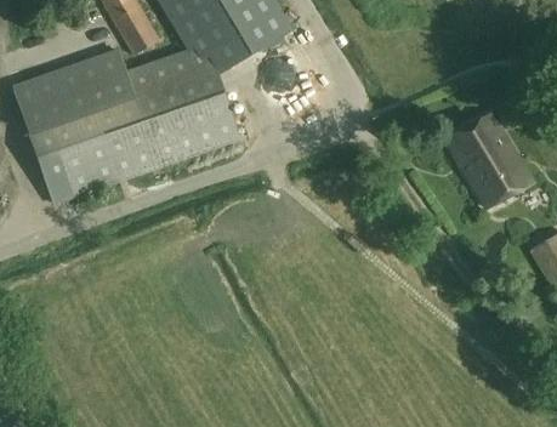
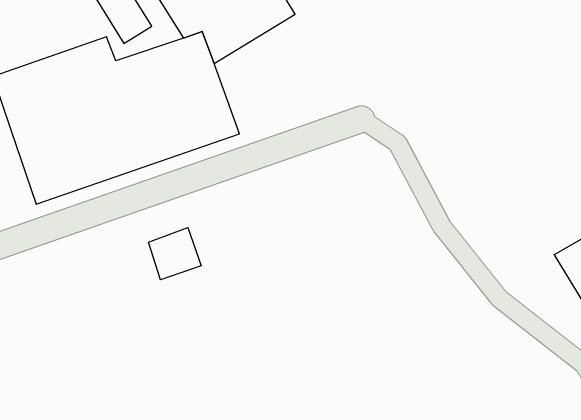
building: [445,113,532,207] -> none
building: none -> [148,228,201,280]

